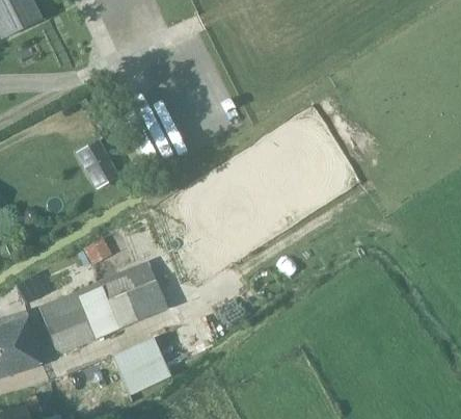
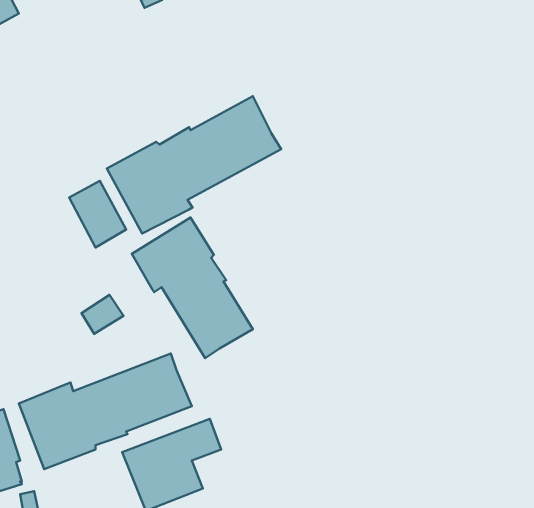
building: none -> [107,96,281,234]
building: none -> [132,217,253,358]

